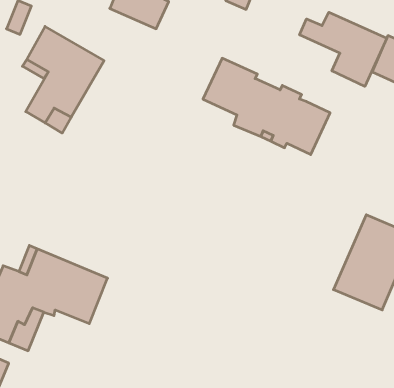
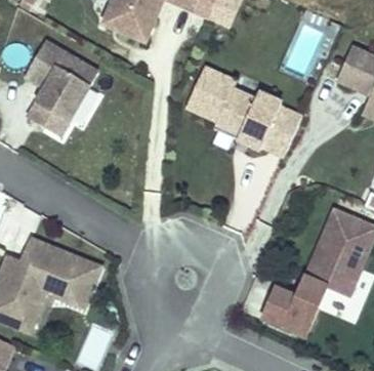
building: [300,12,387,86] -> none
building: none -> [262,291,307,334]

